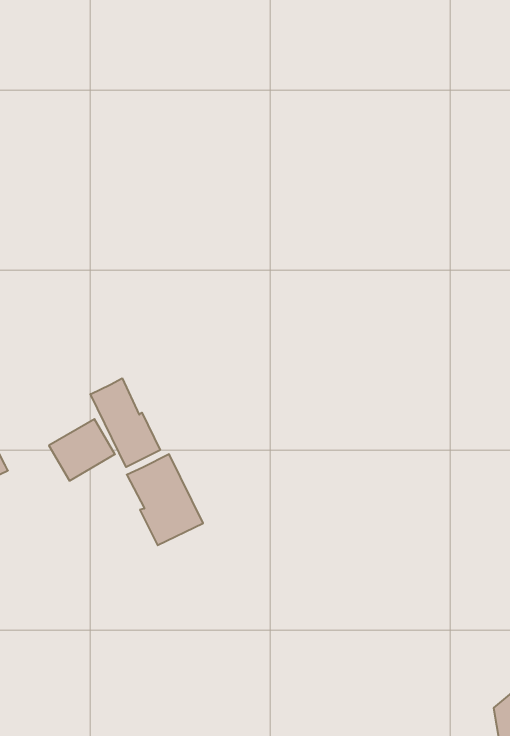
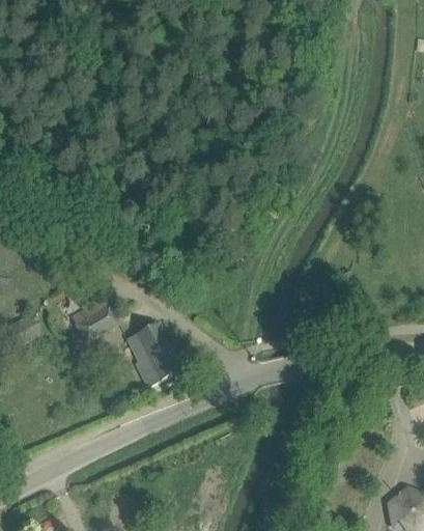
building: [90,378,160,467] -> none

